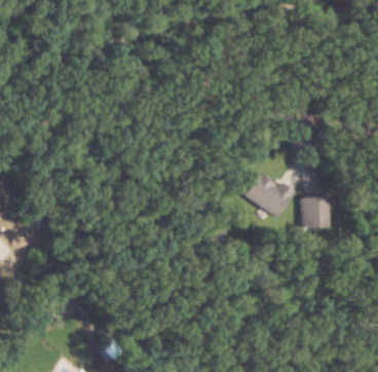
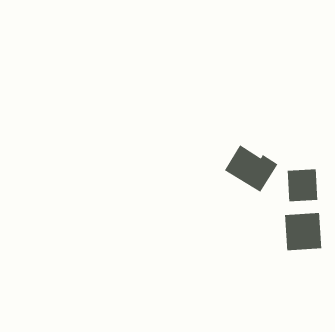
building: none -> [284,212,322,251]

